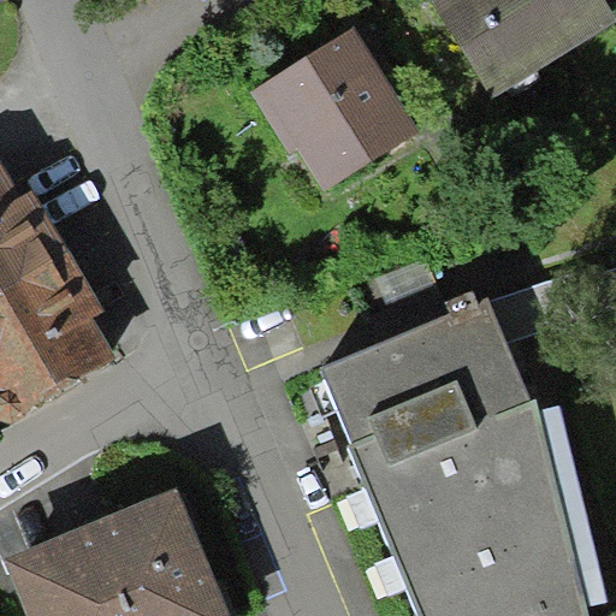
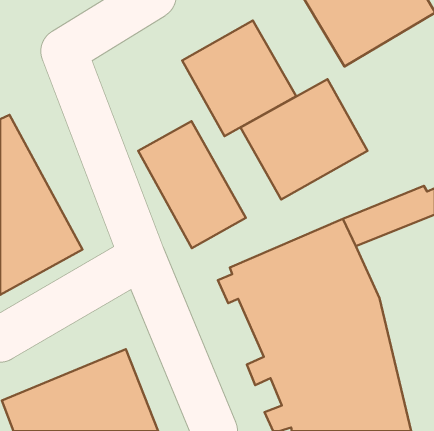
building: none -> [241,79,367,199]
building: none -> [138,121,246,248]

